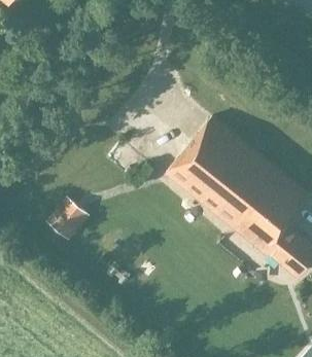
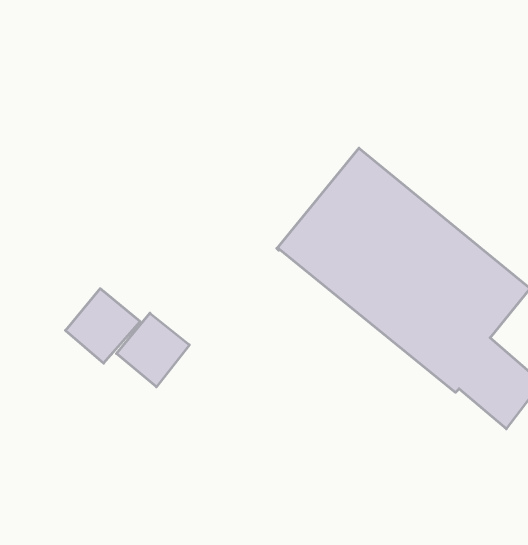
building: none -> [116,313,189,387]

